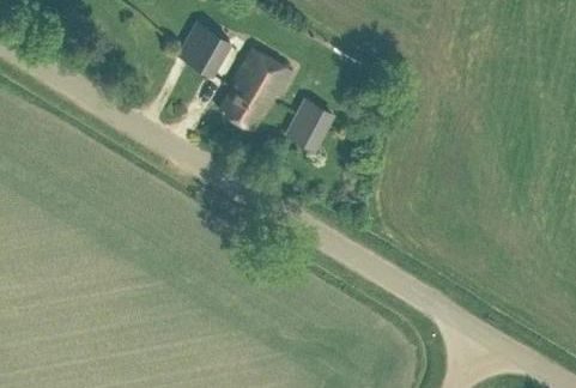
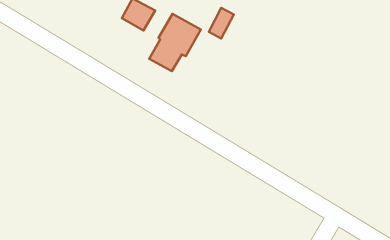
building: [287,98,323,143] -> [209,8,234,39]

